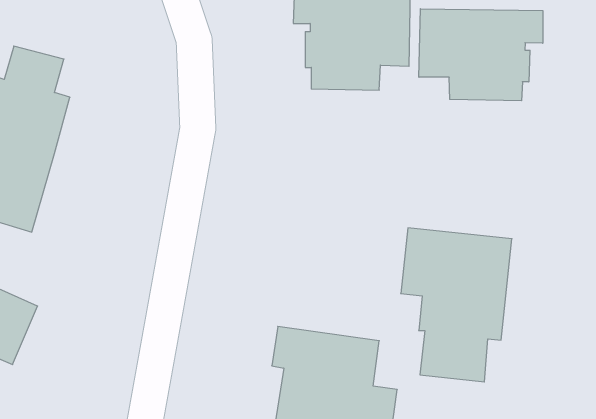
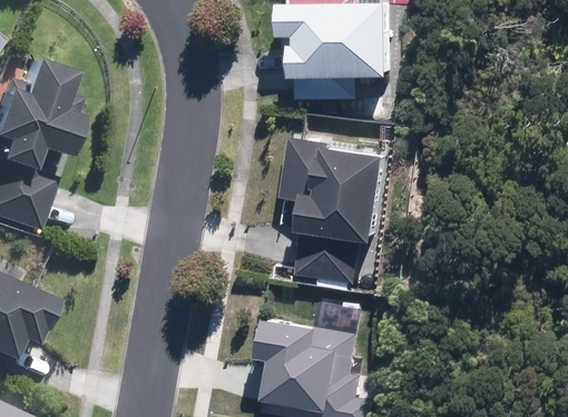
building: [419,9,543,101] -> none
building: [401,228,512,382] -> [280,139,383,282]

